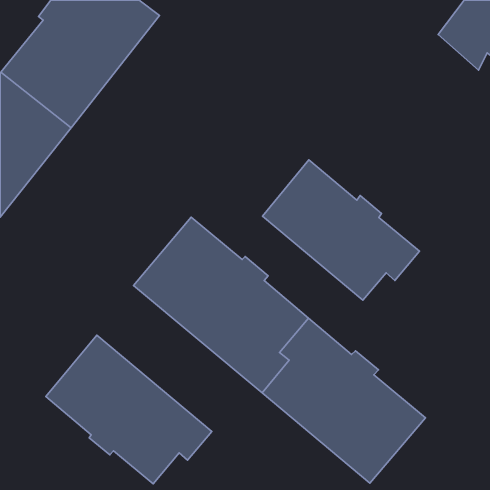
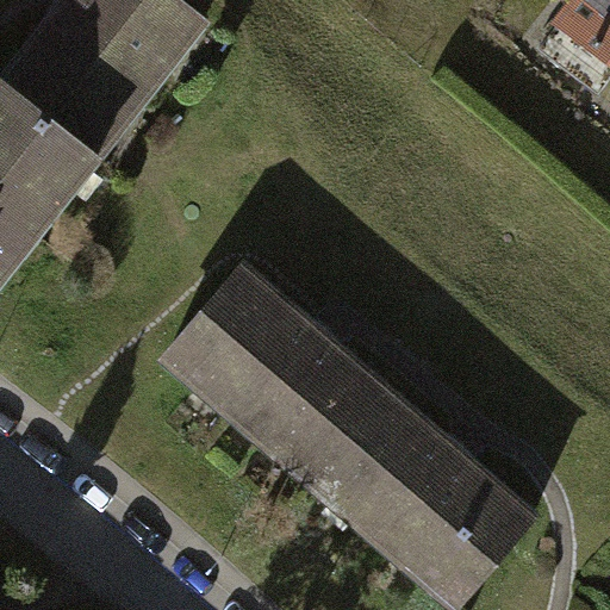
building: [262,160,419,300] -> none
building: [46,335,212,484] -> none

